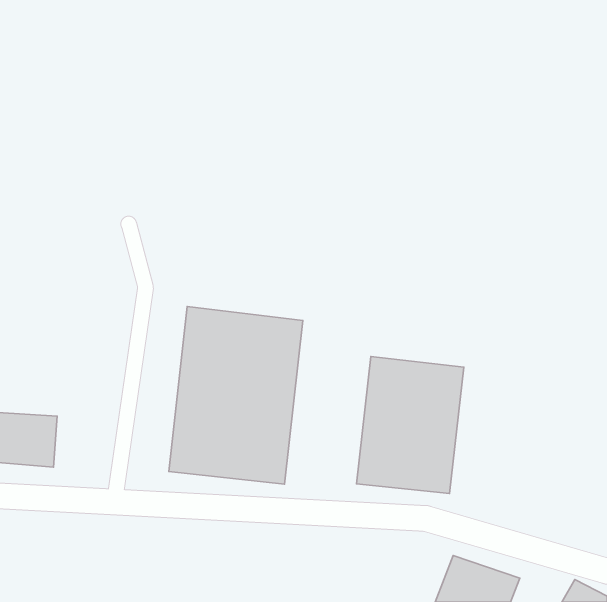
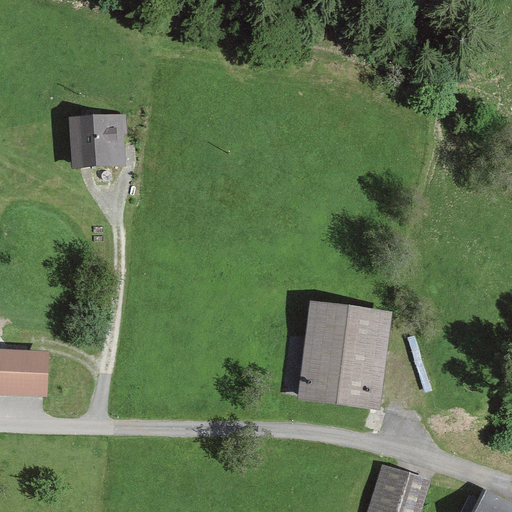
building: none -> [69,119,128,173]
building: [169,307,303,484] -> none

